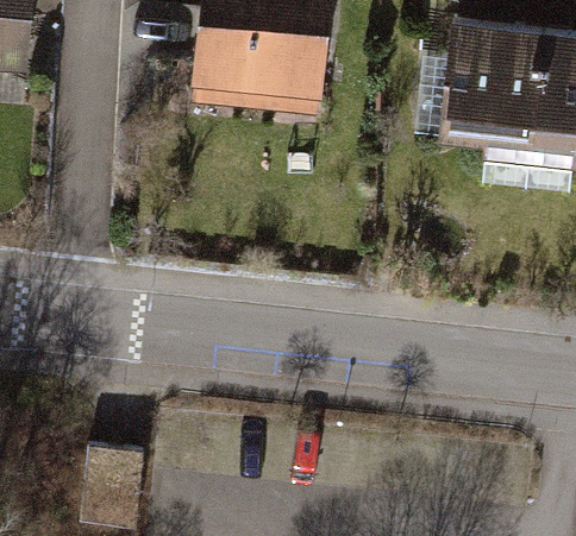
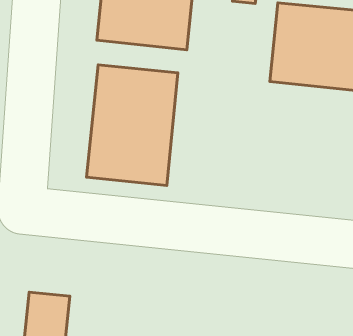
building: none -> [86,65,178,185]

